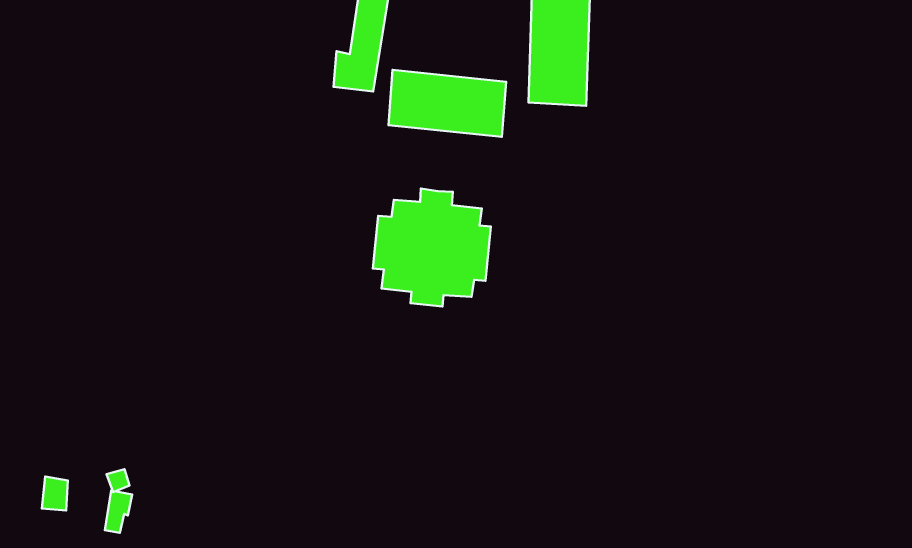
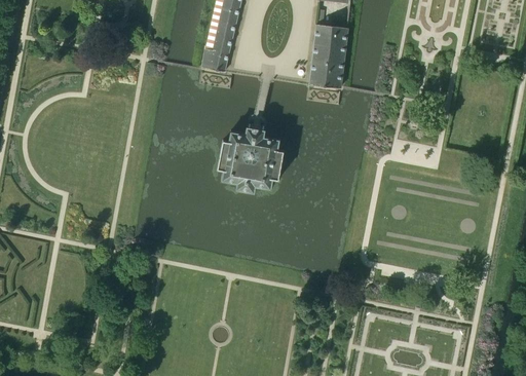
building: [388,70,506,137] -> none

